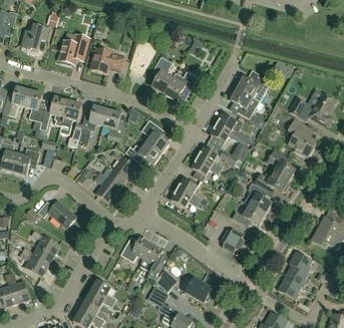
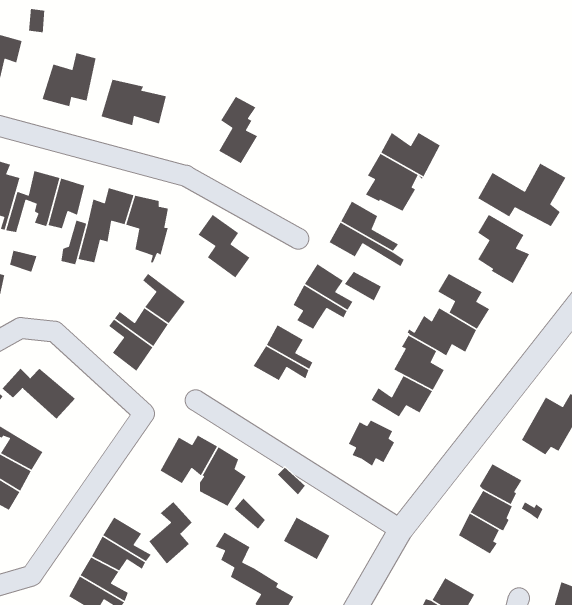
building: [163,71,198,100] -> none
building: [125,142,160,167] -> none
building: none -> [142,501,193,565]

